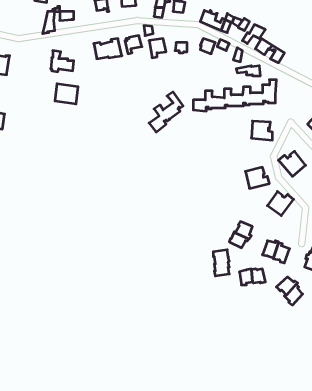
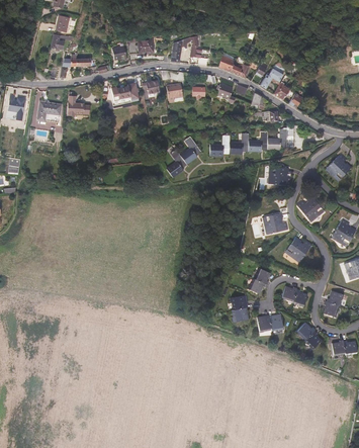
building: [55,84,78,104] -> [37,101,61,121]

